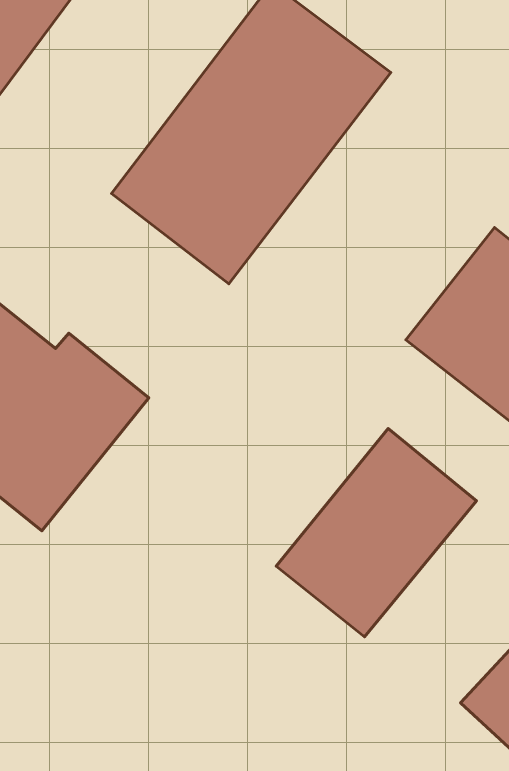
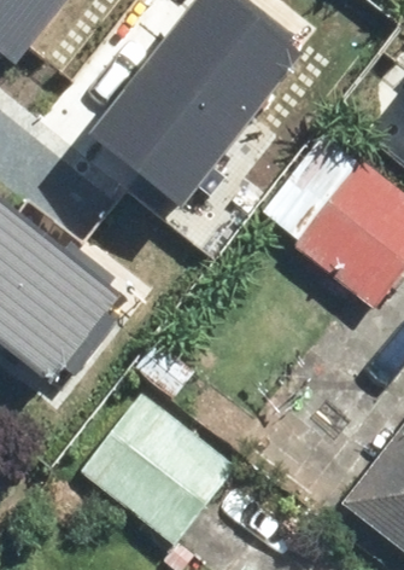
building: [276,428,476,637] -> none
building: none -> [80,389,235,542]

